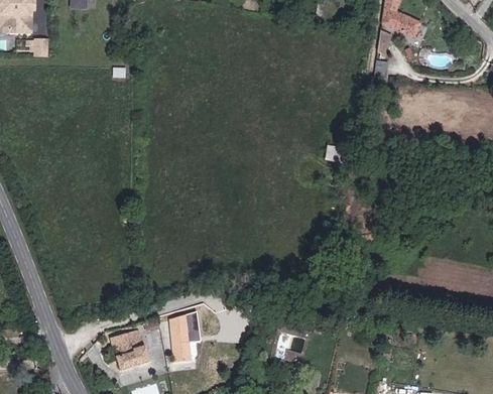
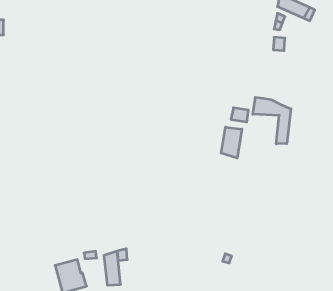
building: none -> [253,97,291,144]
building: none -> [221,127,242,158]

